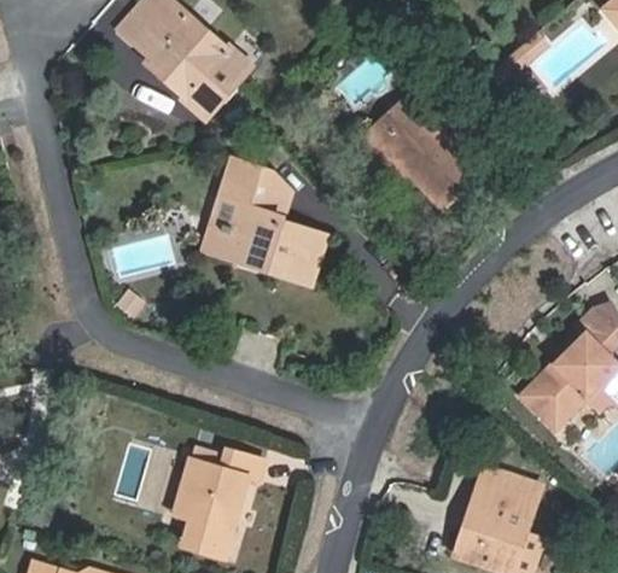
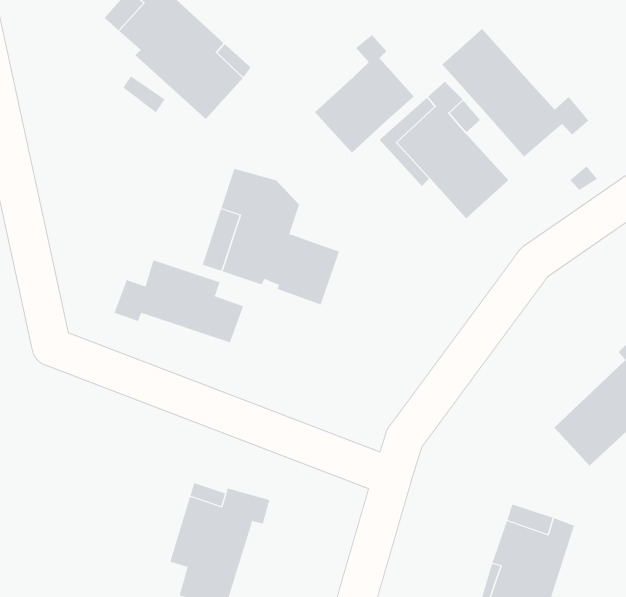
building: none -> [442,28,589,158]
building: none -> [314,34,414,153]
building: none -> [114,259,244,343]

